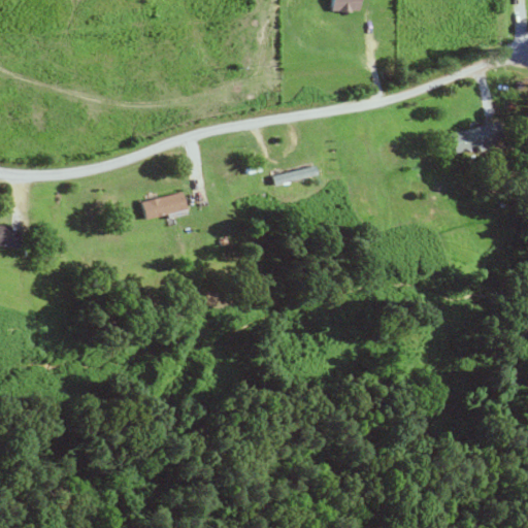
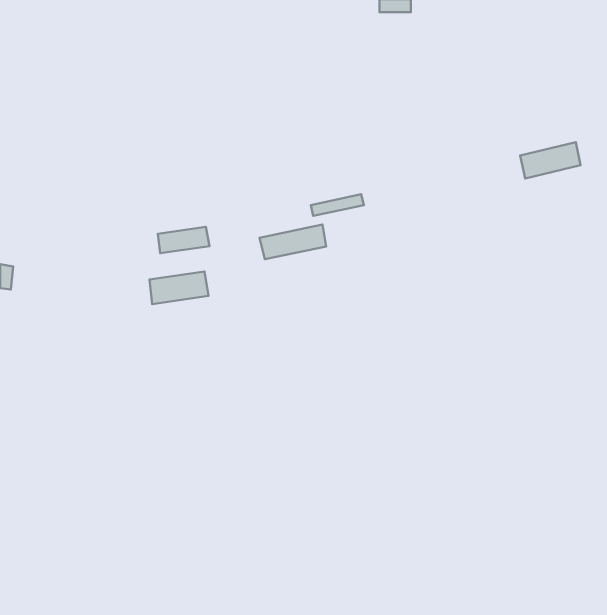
building: none -> [260,224,326,259]
building: none -> [150,272,208,304]

